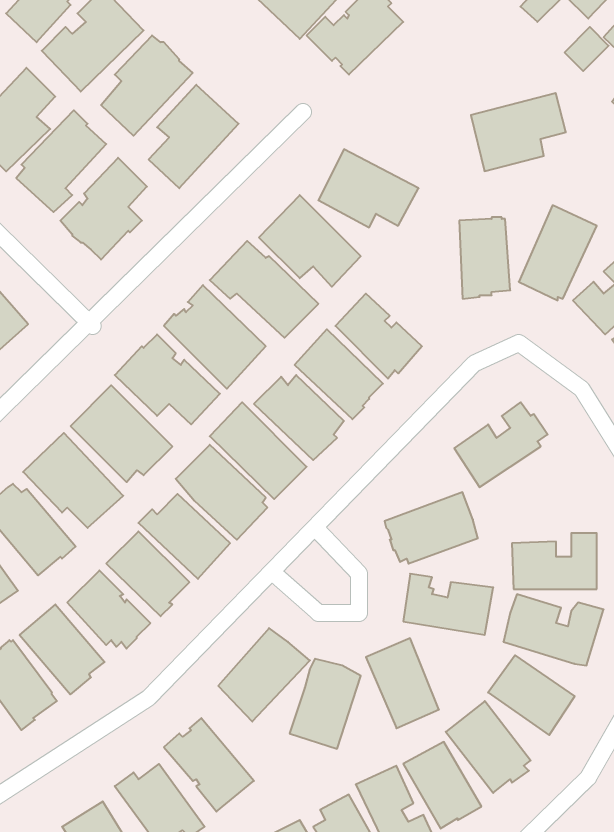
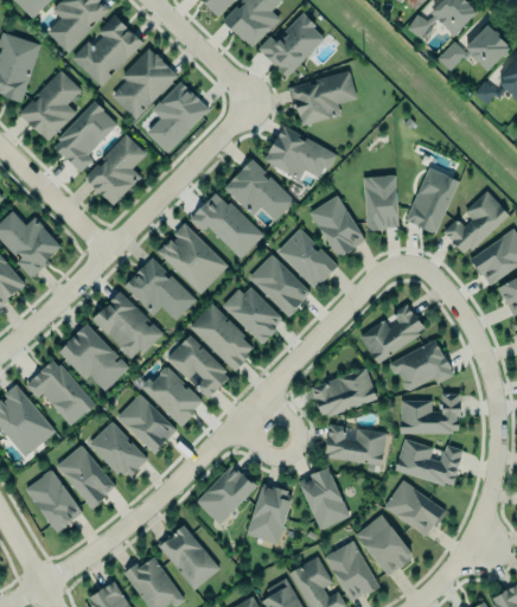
building: [471,93,566,171] -> [291,72,357,127]
building: none -> [311,196,366,258]
building: none -> [389,339,454,390]

